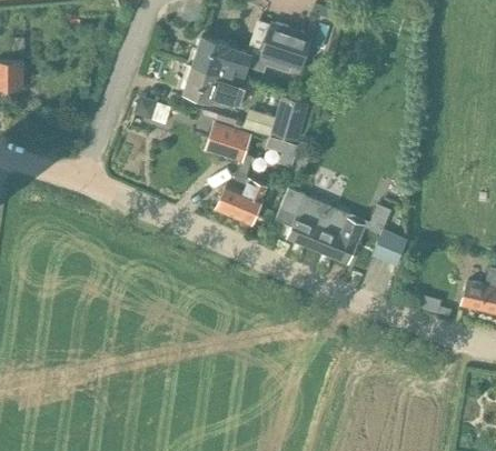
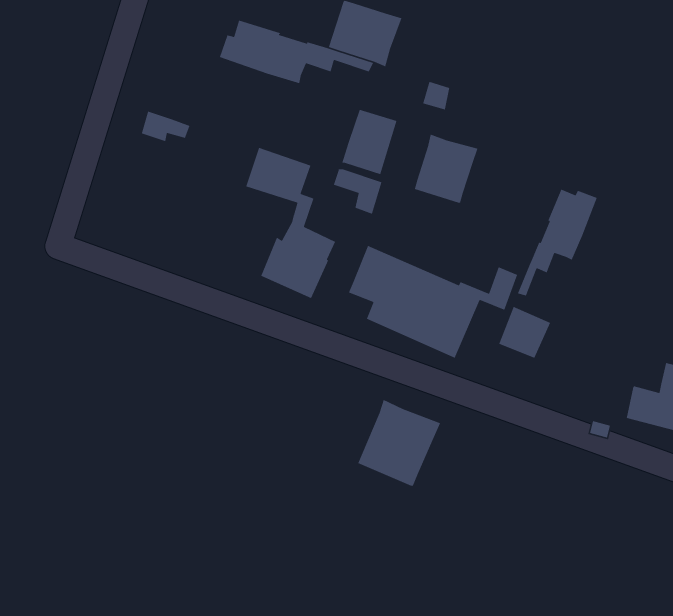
building: [183,63,247,110] -> none
building: none -> [414,134,478,203]
building: none -> [517,189,598,296]
building: none -> [357,399,441,487]

